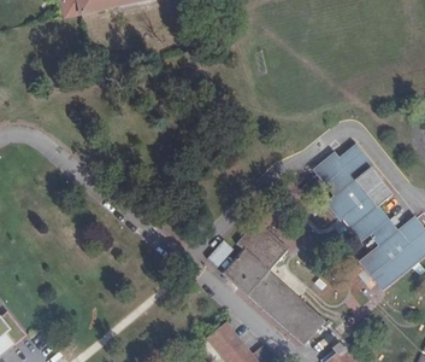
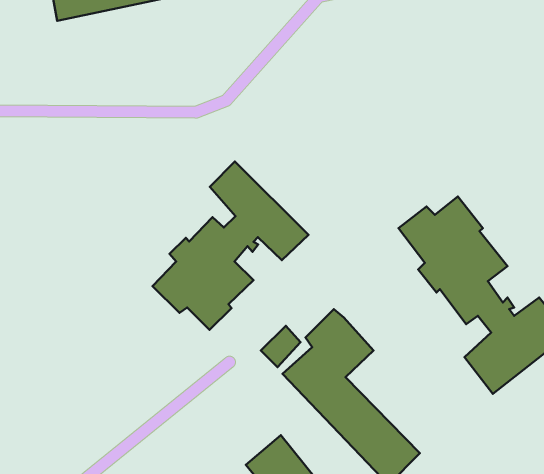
building: none -> [153,161,309,330]

